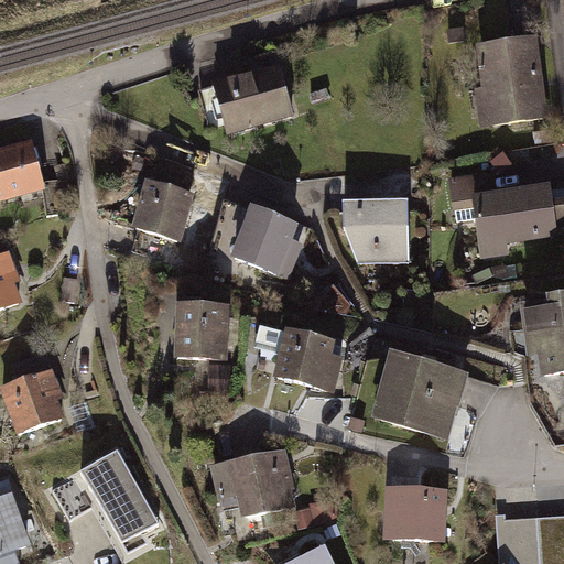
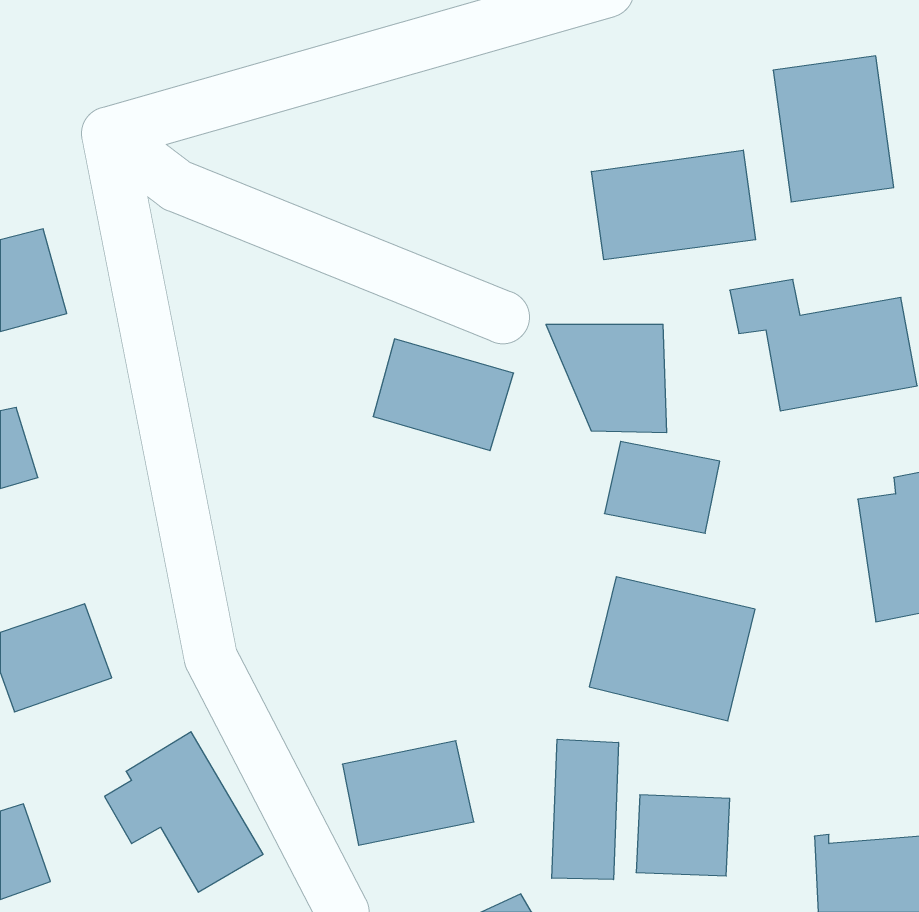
building: [208,57,292,132] -> none
building: none -> [591,150,756,260]
building: [139,181,200,235] -> none
building: [167,303,229,360] -> none
building: [270,334,340,390] -> [604,441,720,533]
building: none -> [552,739,618,880]

